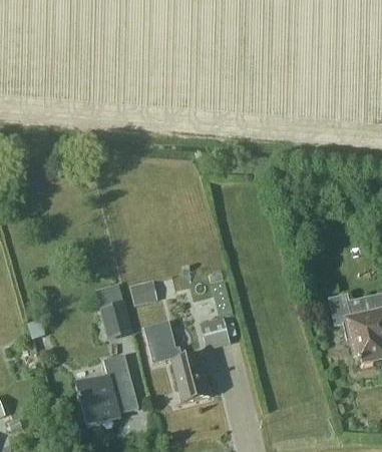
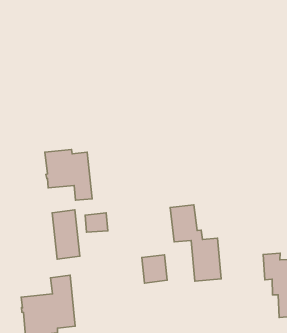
building: none -> [45,149,92,200]
building: [142,320,210,402] -> [170,205,221,281]

